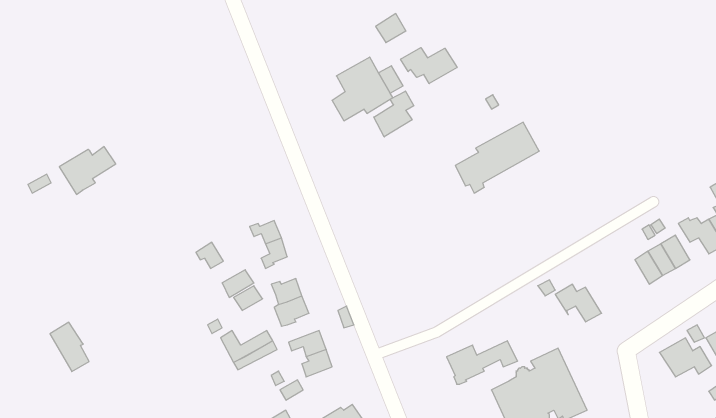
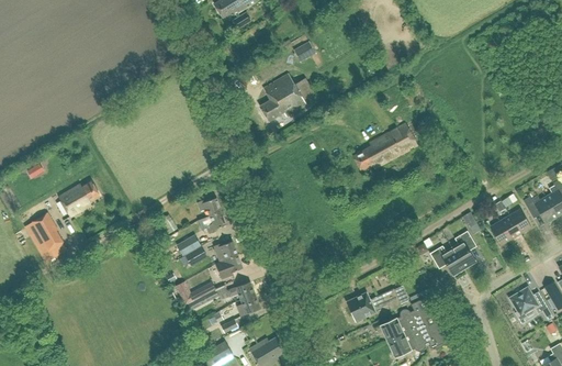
building: [401,48,457,84] -> none
building: [374,91,414,137] -> none
building: [59,147,116,194] -> [57,181,100,218]
building: none -> [451,231,475,268]
building: [50,322,89,372] -> [32,213,61,251]

